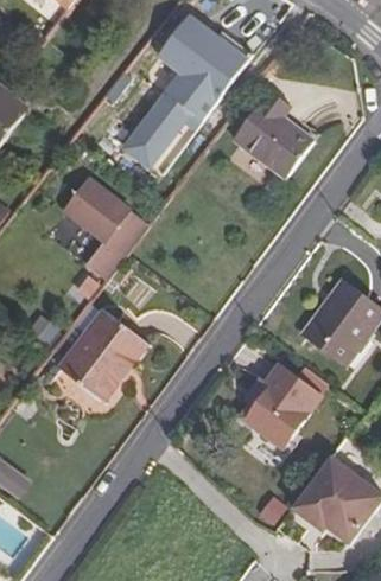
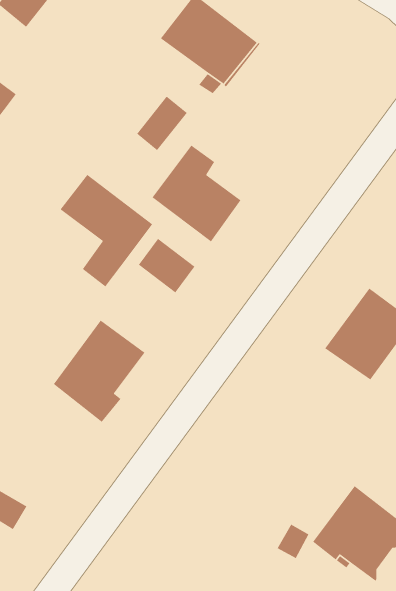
building: [233,90,313,178] -> [152,145,242,243]
building: none -> [138,238,196,294]
building: [246,365,320,446] -> none

